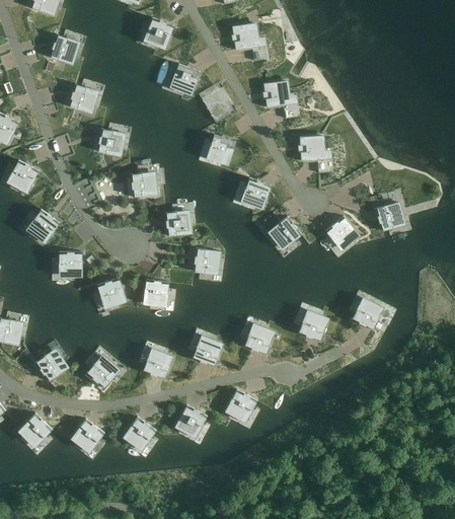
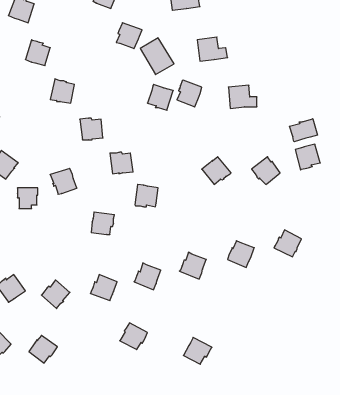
building: none -> [289,119,317,142]
building: [241,178,270,209] -> [177,80,202,107]
building: [95,278,126,307] -> [50,168,77,194]
building: [224,390,256,421] -> [183,337,212,364]
building: [123,418,155,449] -> none

